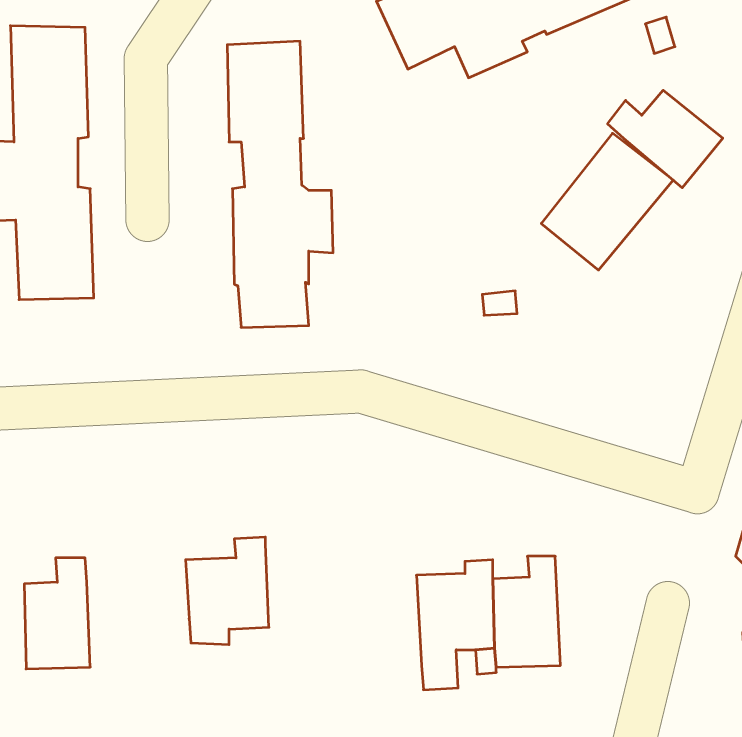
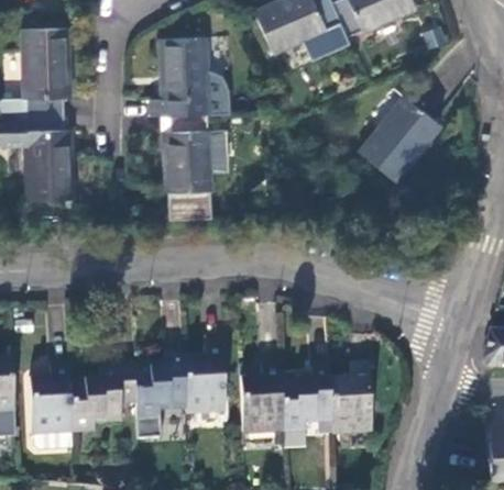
building: [608,90,723,188] -> none
building: none -> [184,343,224,413]
building: none -> [241,361,283,433]
building: none -> [70,365,135,434]

